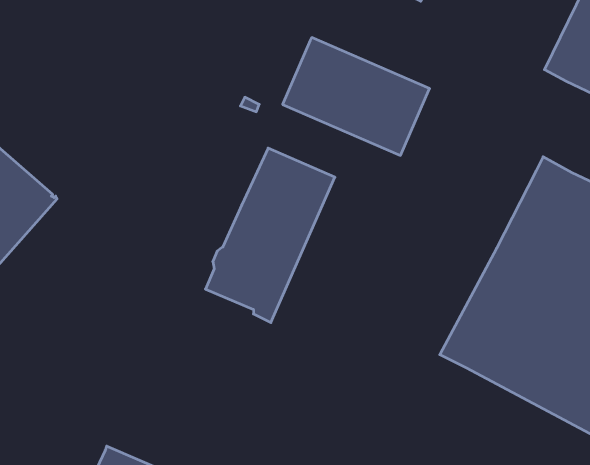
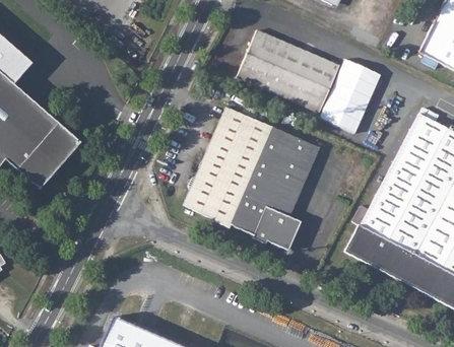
building: none -> [321,59,382,133]
building: none -> [229,127,319,251]

